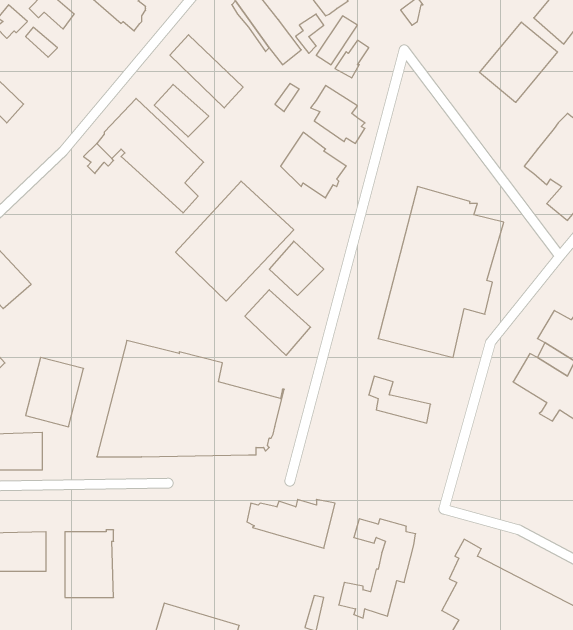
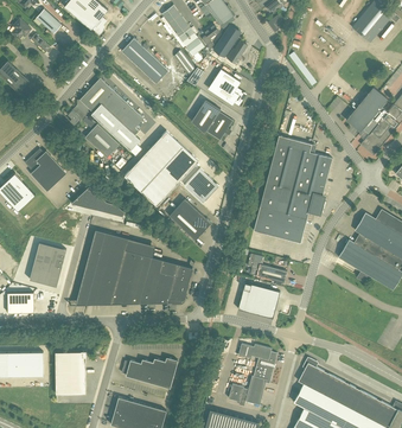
building: [480,22,558,102] -> none
building: [154,84,209,137] -> [85,124,120,158]
building: none -> [25,149,63,192]
building: none -> [71,187,125,218]
building: none -> [238,282,280,319]
building: [247,499,335,548] -> [122,358,178,389]

